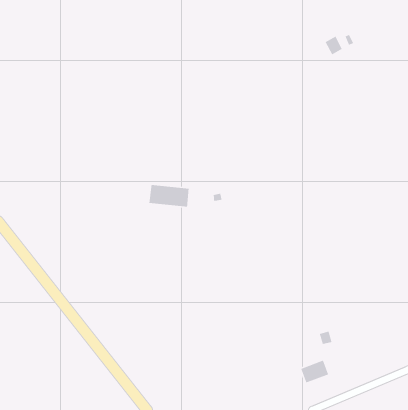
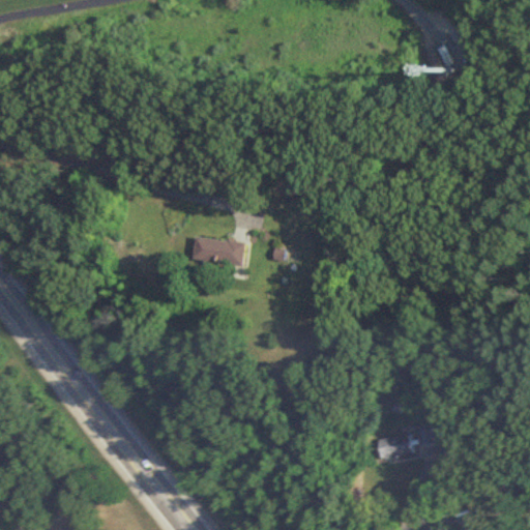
building: [300,360,329,384] -> [375,430,412,461]

